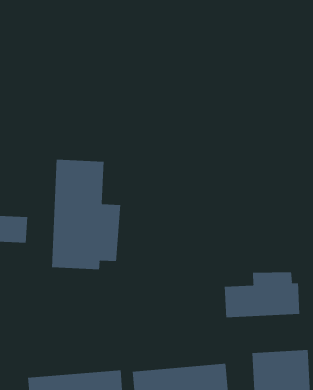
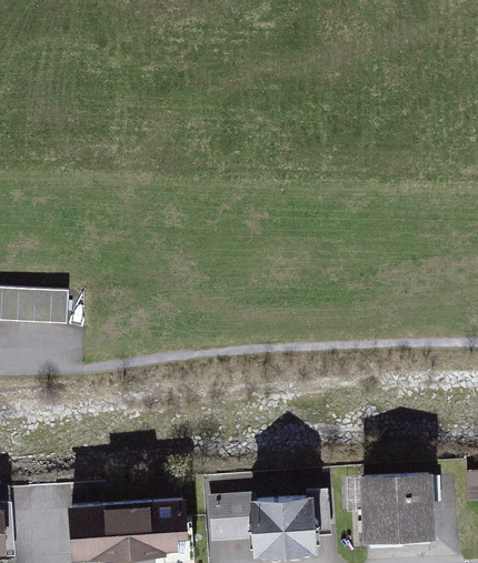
building: [51,159,121,270] -> none
building: [224,272,300,318] -> none

